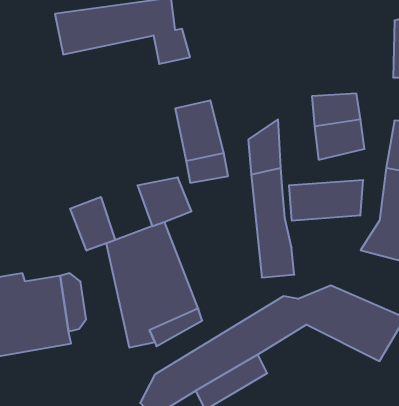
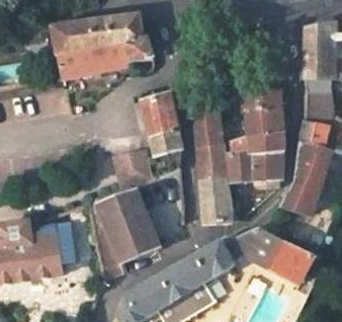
building: none -> [58,43,131,80]
building: none -> [221,128,283,156]
building: [70,197,115,251] -> none

